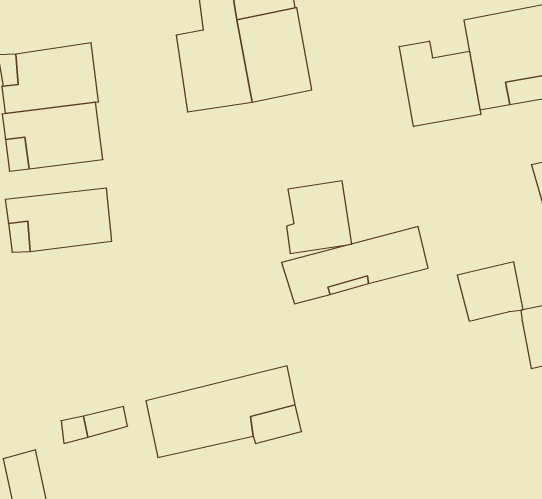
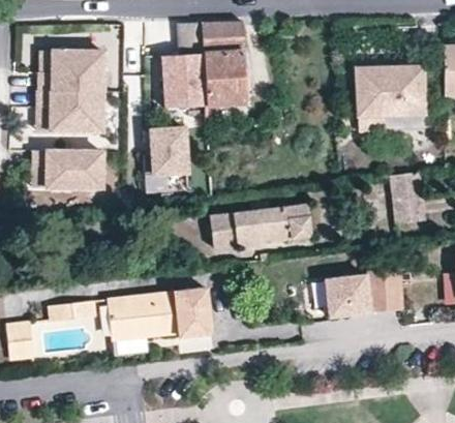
building: [399,41,481,127] -> none
building: [287,181,352,253] -> [146,127,188,172]
building: [457,262,523,321] -> [330,277,371,313]

